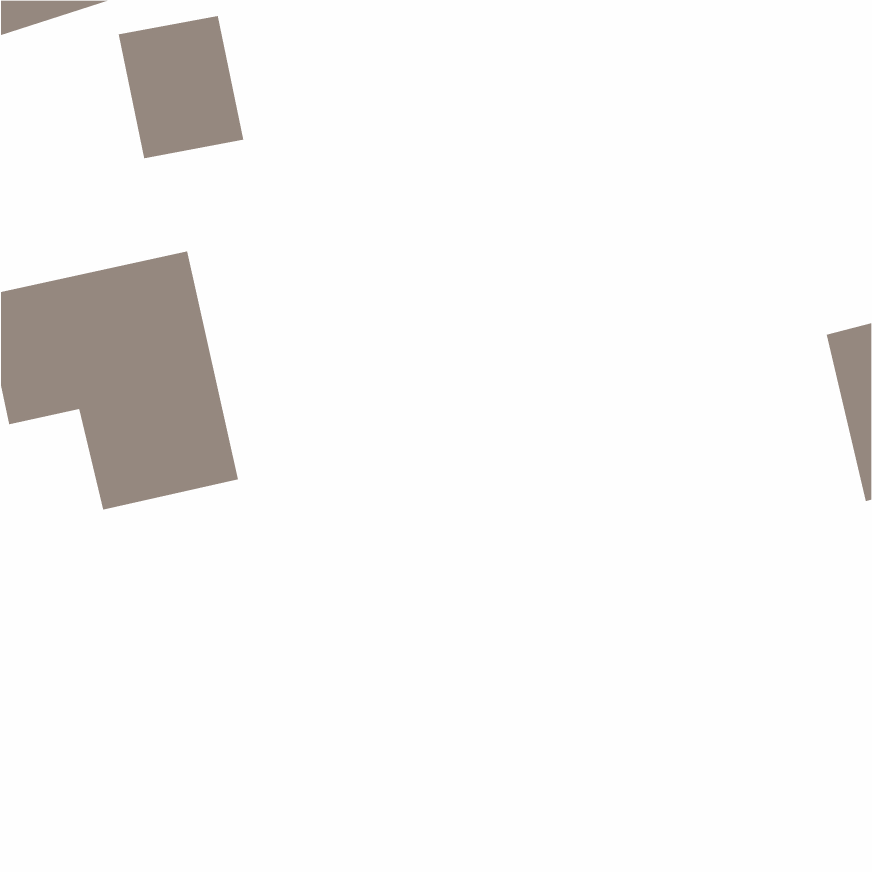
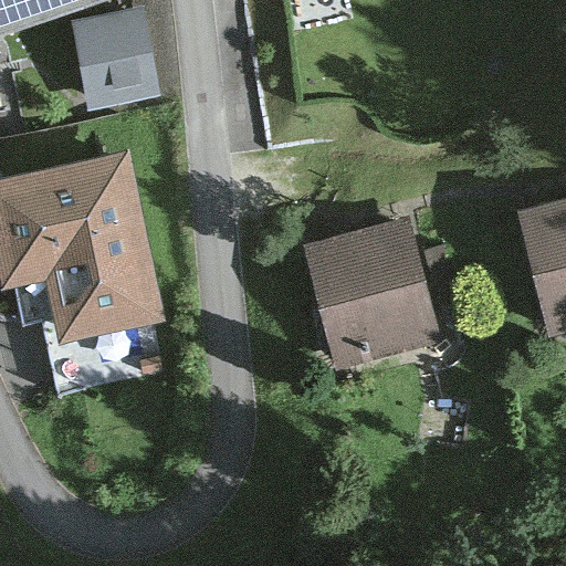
building: none -> [316,231,429,355]

